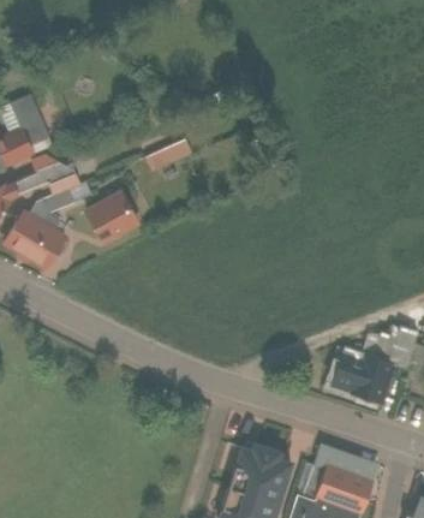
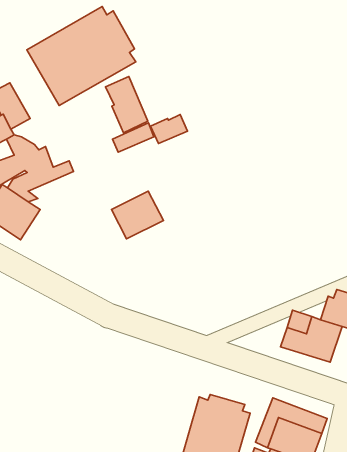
building: none -> [27,6,136,106]
building: none -> [105,76,148,133]
building: none -> [150,114,187,144]
building: [80,192,138,245] -> [111,191,163,239]

